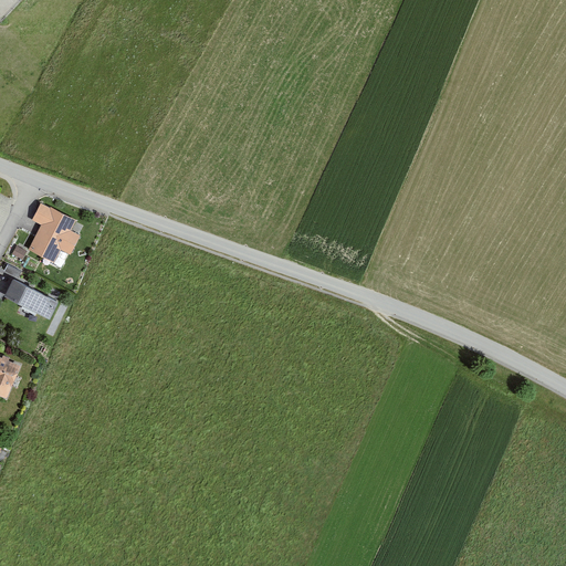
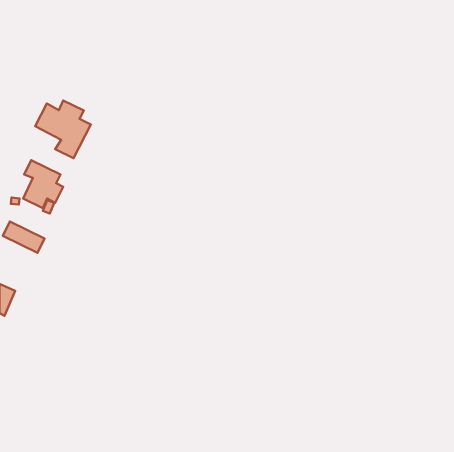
building: none -> [35,100,91,158]

